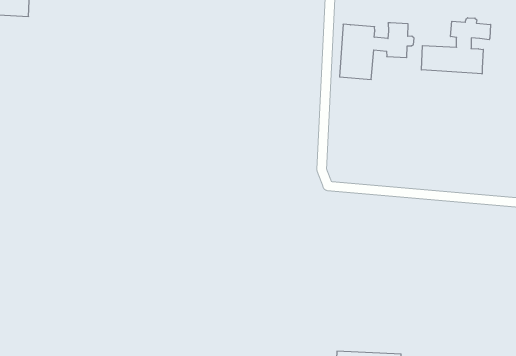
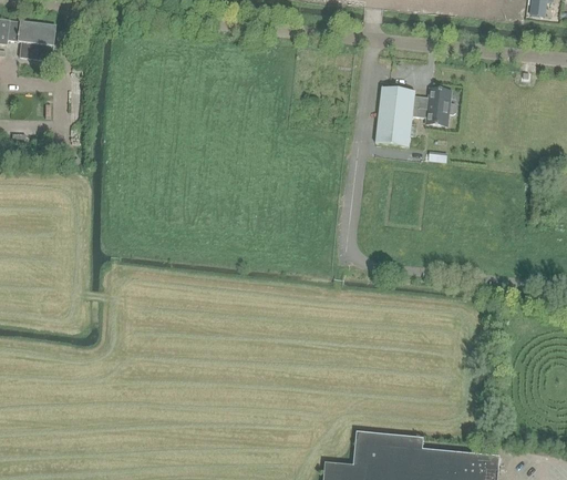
building: [421,18,491,74] -> none

